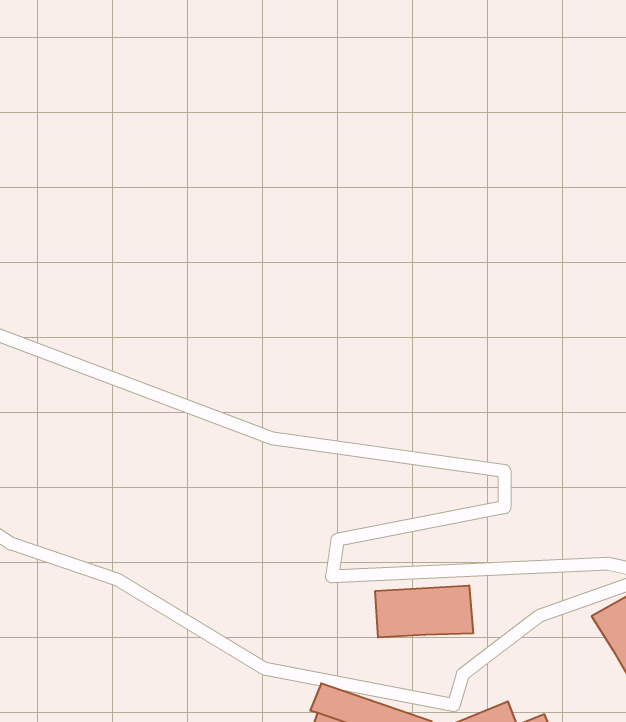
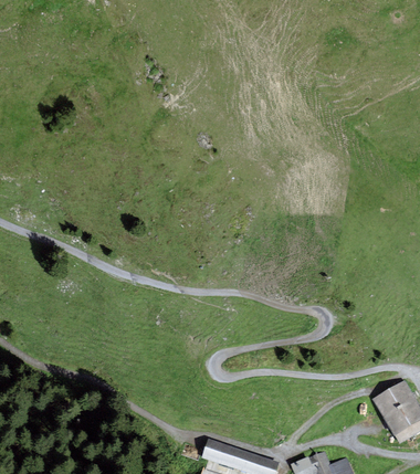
building: [375,585,473,638] -> none

